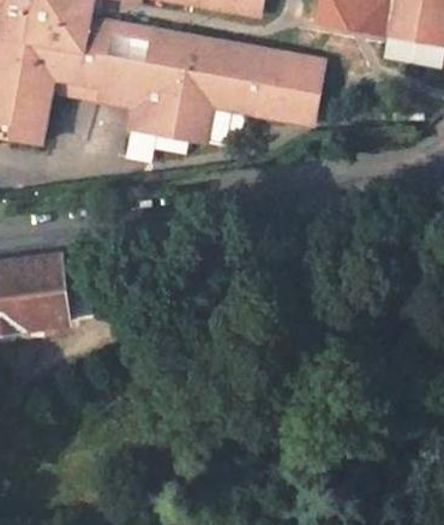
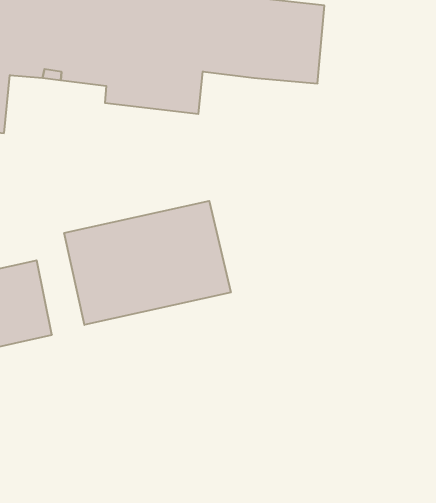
building: none -> [64,201,231,325]

